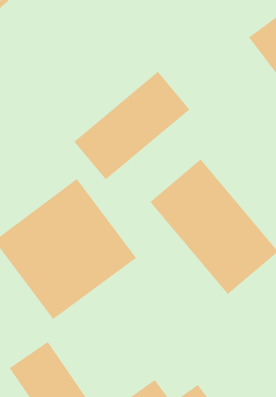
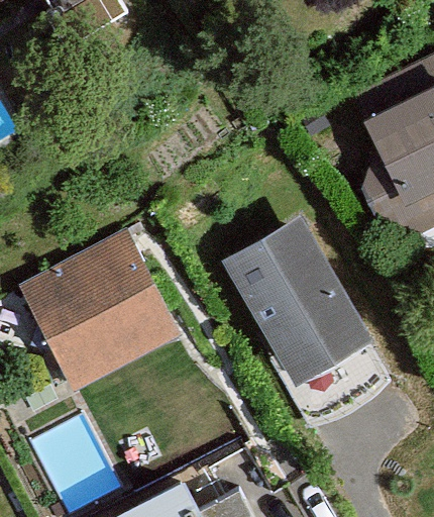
building: [74,71,190,180] -> none

